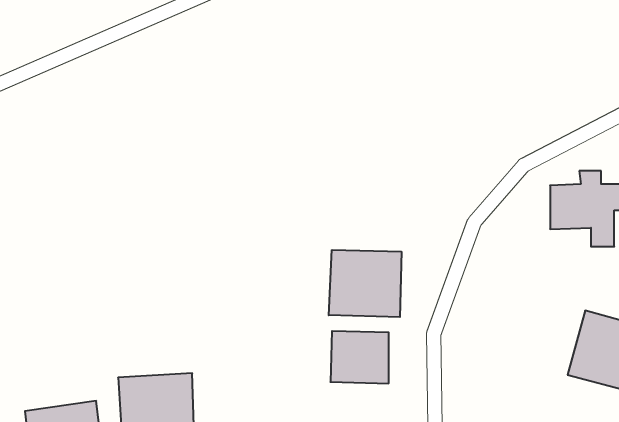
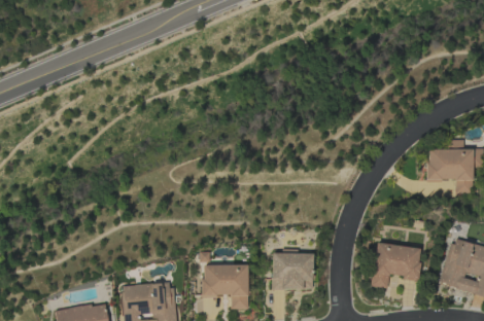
building: [329,250,401,317] -> none
building: none -> [371,243,422,289]
building: none -> [202,264,248,310]

